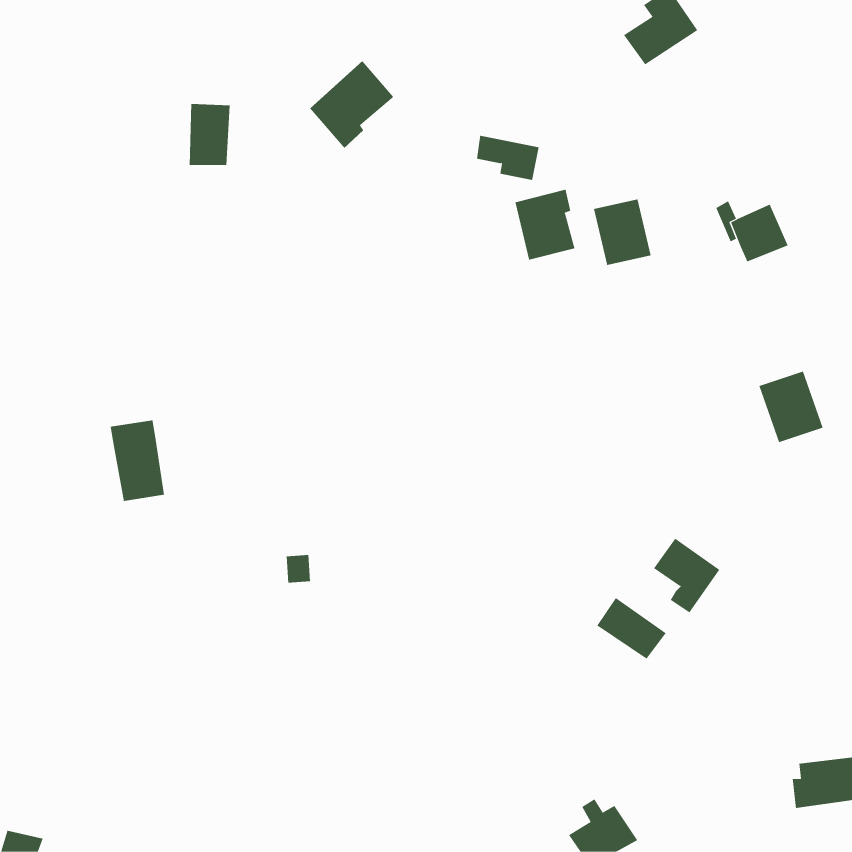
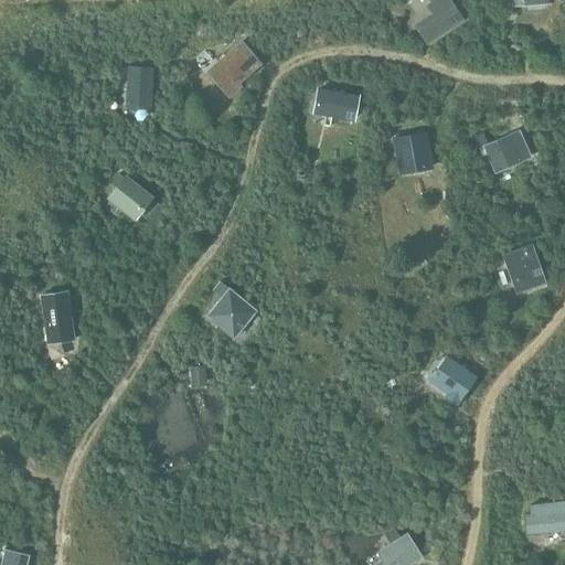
building: [515,189,575,261] -> none
building: none -> [107,172,153,220]
building: [110,420,165,502] -> [39,290,75,344]
building: none -> [206,280,258,338]
building: [596,597,667,659] -> none

